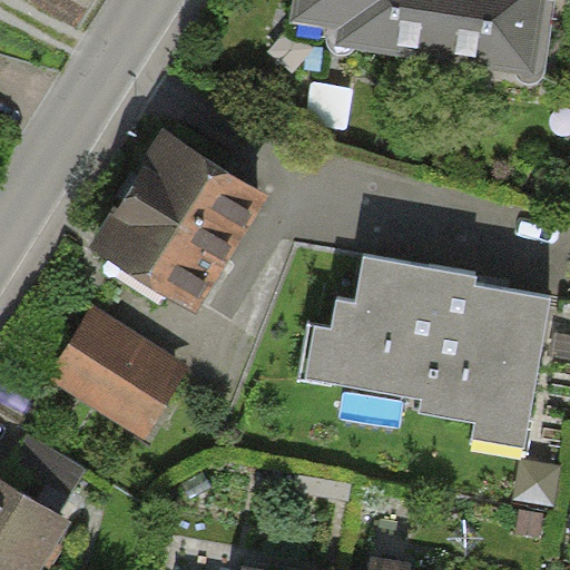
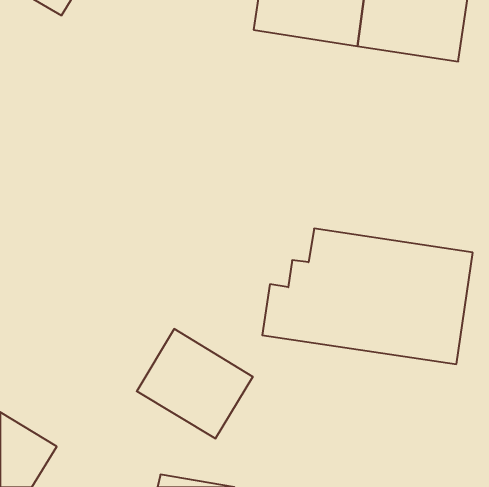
building: [85,128,265,308] -> none
building: [49,311,184,438] -> [137,329,253,438]

